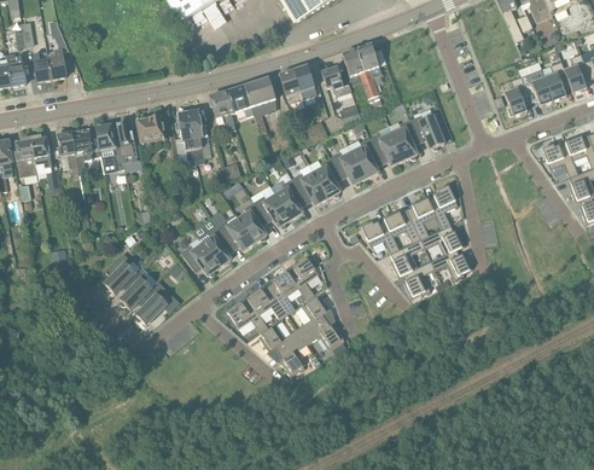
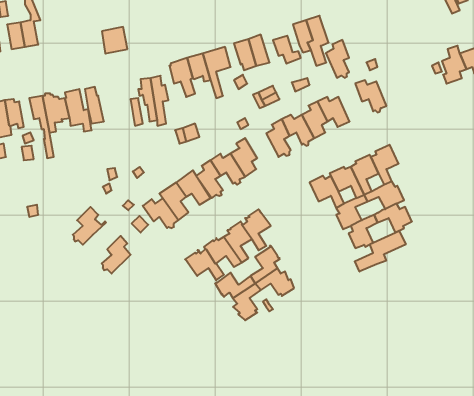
building: [138,115,165,144] -> [102,27,127,54]
building: [392,117,418,158] -> [326,40,349,78]
building: [291,172,327,204] -> none
building: [120,268,156,308] -> none
building: none -> [355,231,406,272]

